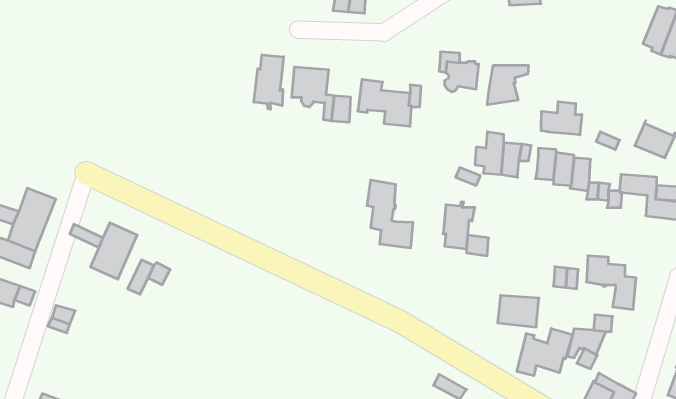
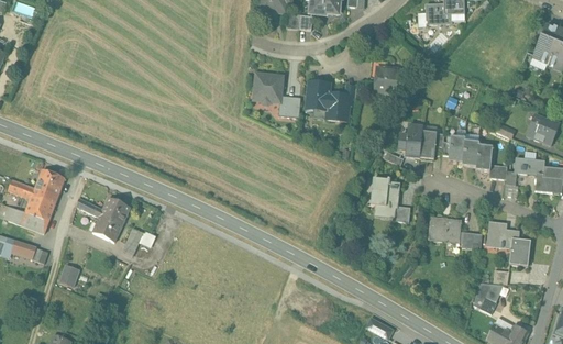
building: [254,55,284,109] -> none
building: [487,65,528,105] -> none
building: [541,102,582,135] -> none
building: [367,180,413,248] -> none
building: [498,295,539,327] -> [428,218,461,243]
building: [517,328,573,376] -> none

